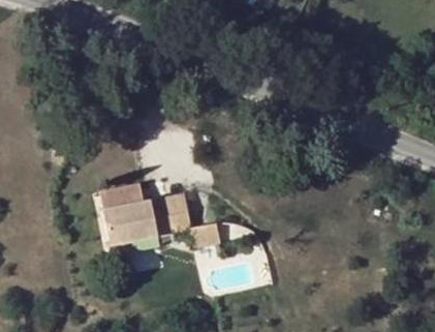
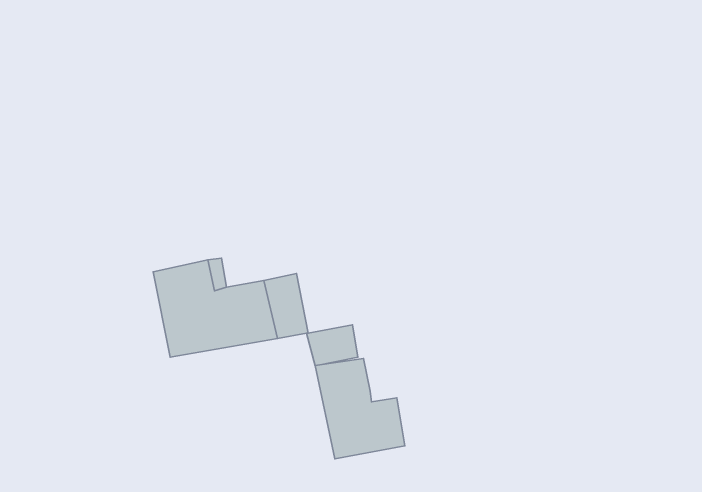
building: none -> [315,358,405,459]

